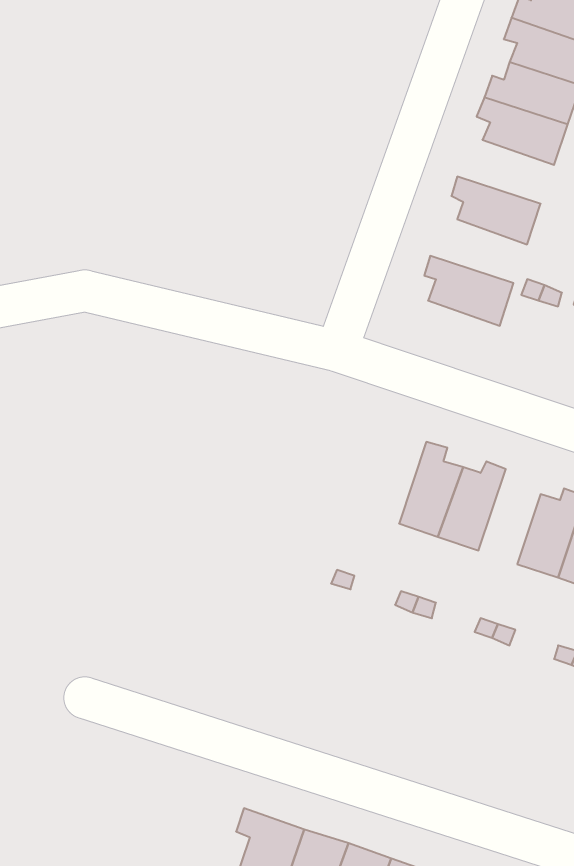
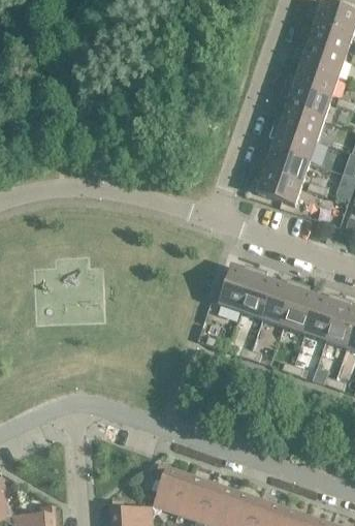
building: none -> [271,107,323,142]
building: none -> [257,150,309,184]
building: none -> [218,265,255,312]
building: none -> [283,283,316,334]

